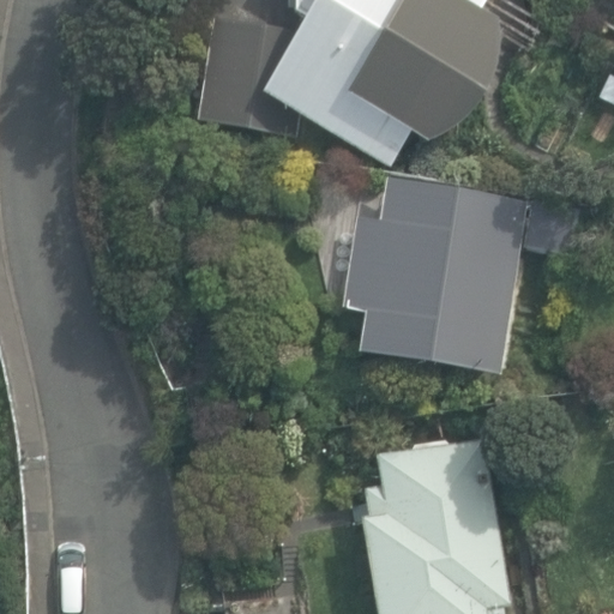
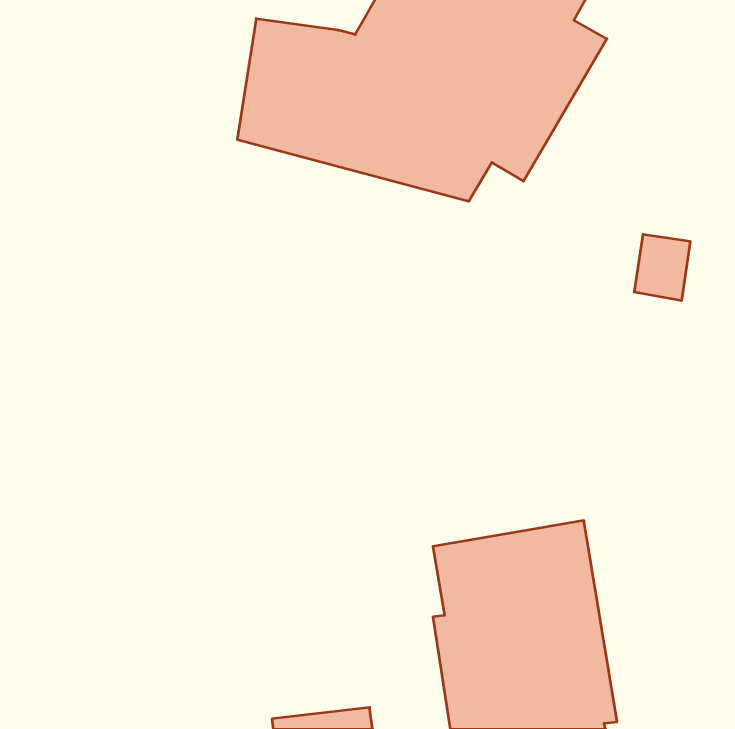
building: [341,176,528,371] -> none

